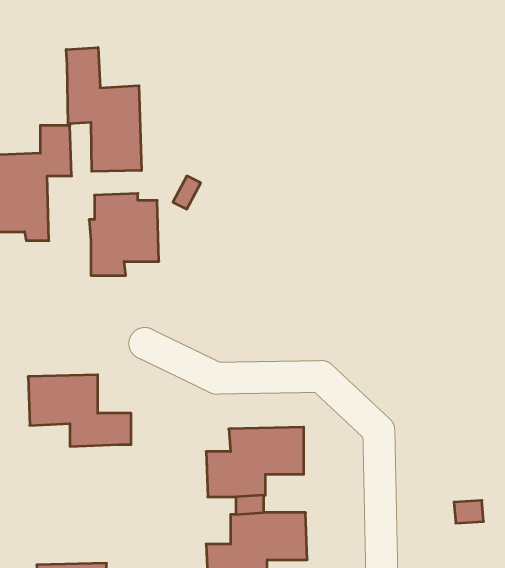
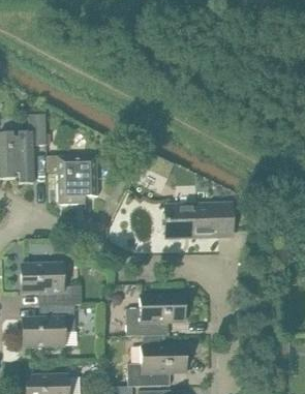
building: [66,47,141,171] -> none
building: none -> [165,203,233,238]
building: none -> [22,304,75,346]

